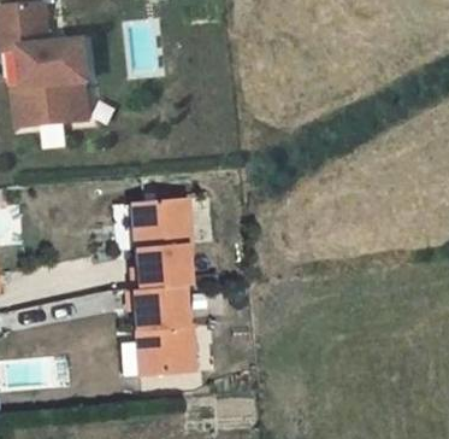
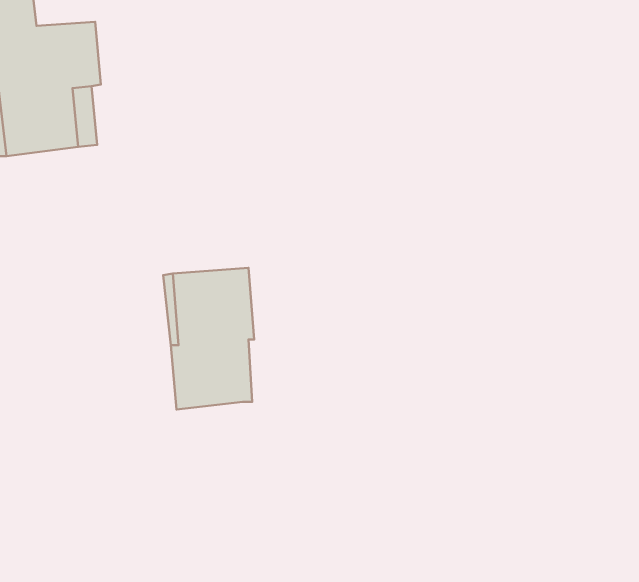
building: [131,285,193,375] -> none

